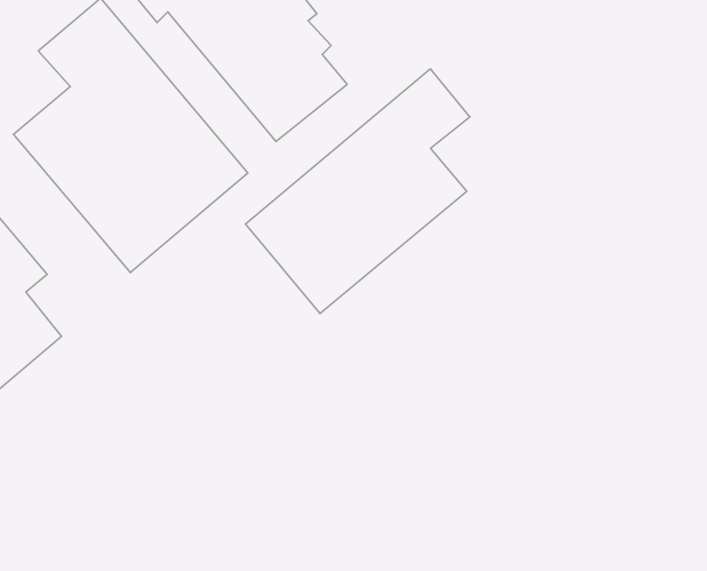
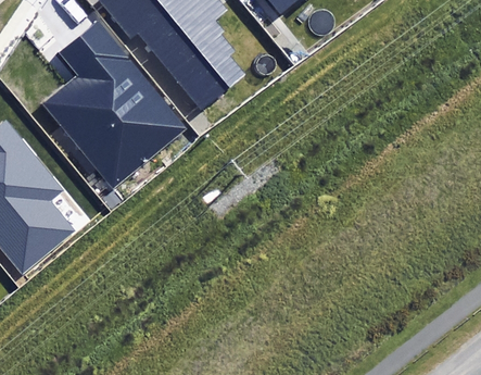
building: [245,69,470,314] -> none

